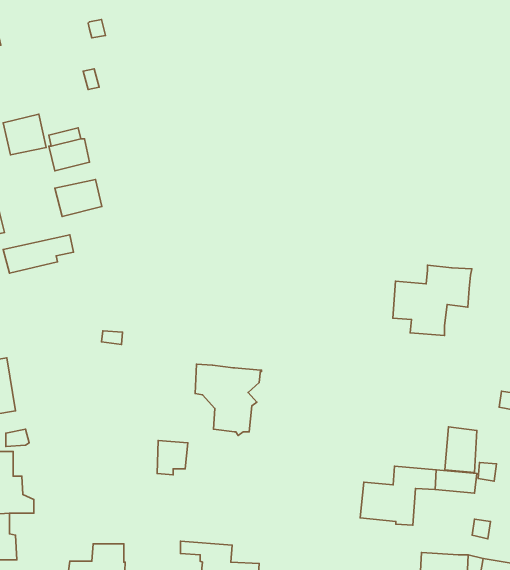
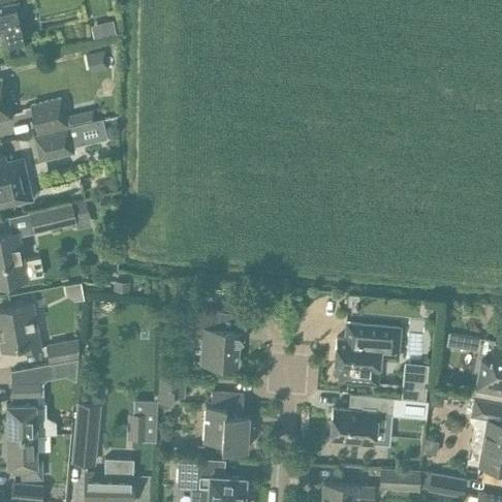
building: [55,179,102,216] -> [33,132,72,163]
building: [393,265,472,335] -> [334,326,400,385]
building: none -> [46,341,79,366]
building: none -> [202,394,254,451]
building: none -> [133,401,157,444]
building: none -> [72,406,98,465]

